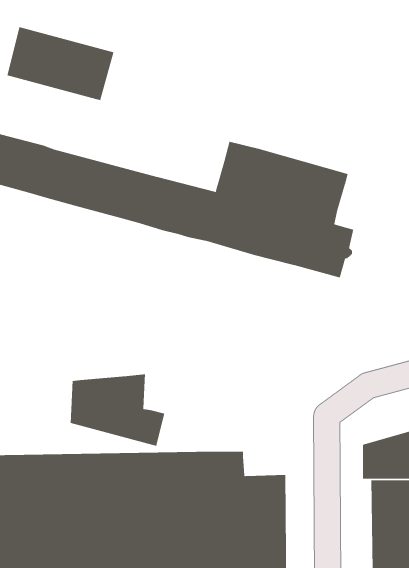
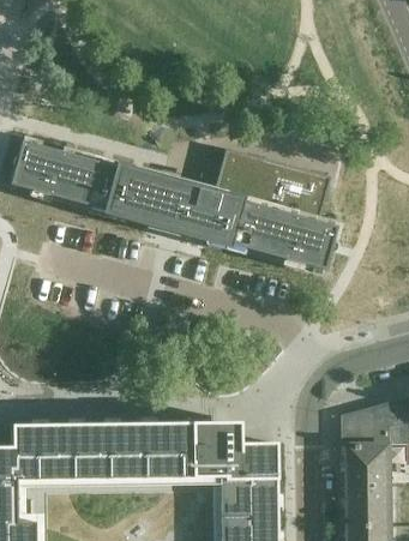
building: [6,26,115,101] -> none
building: [70,374,165,447] -> none

